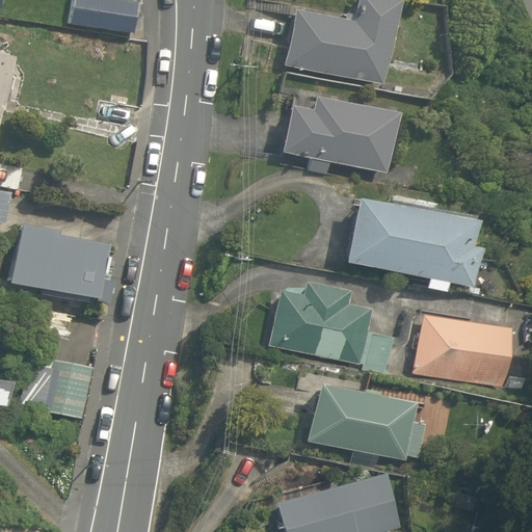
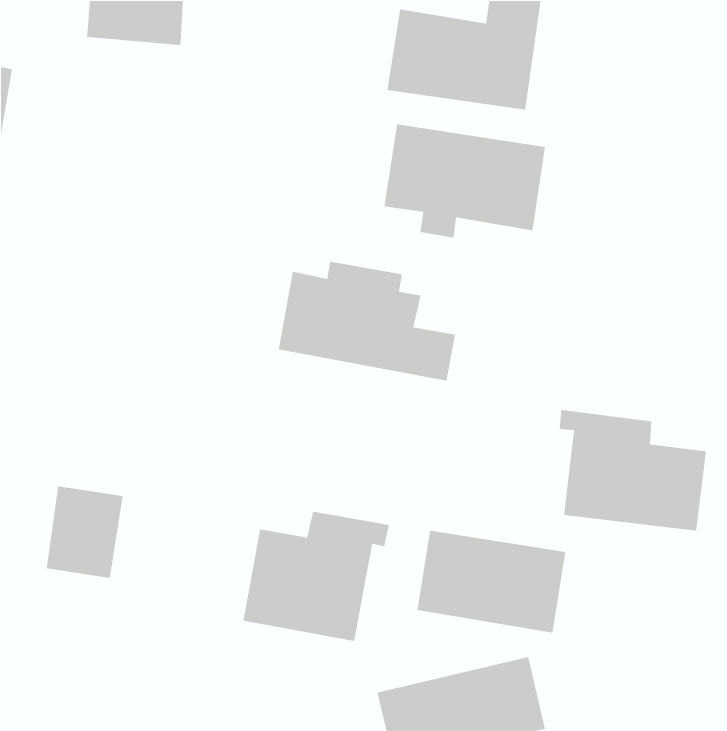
building: [355,189,481,292] -> none
building: [12,223,111,299] -> none
building: [268,285,397,372] -> [278,261,456,381]
building: none -> [243,511,390,642]

